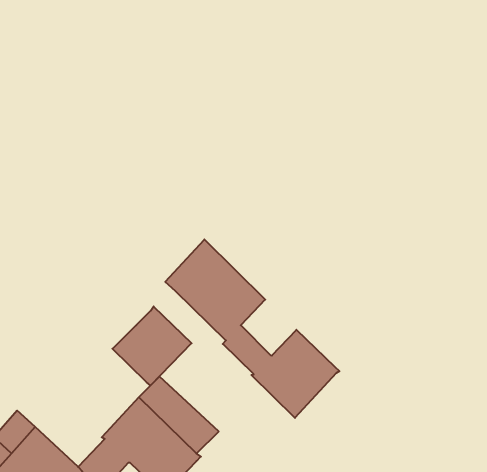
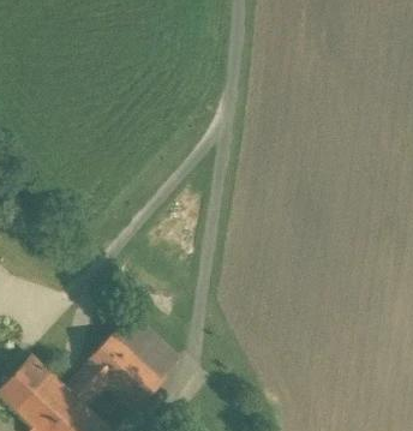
building: [165,239,339,418] -> none
building: [112,306,192,386] -> none

